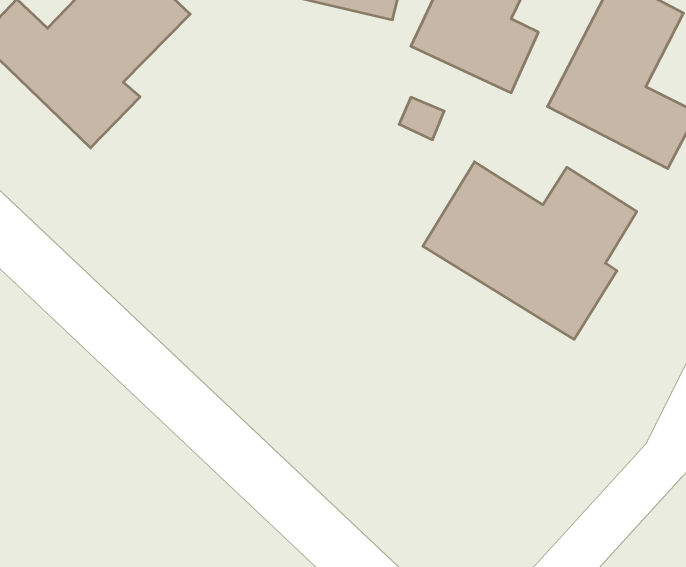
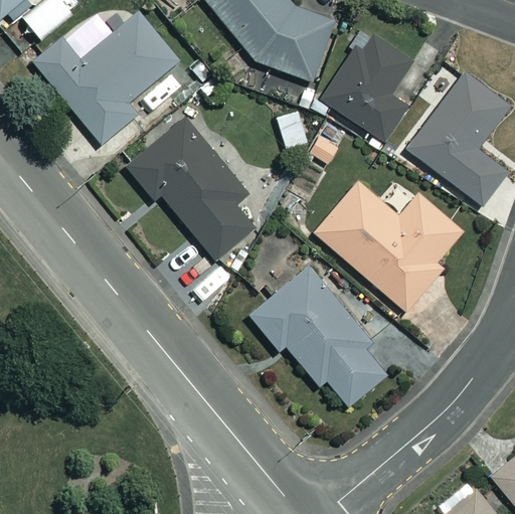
building: none -> [126,118,256,259]
building: none -> [248,265,386,404]

